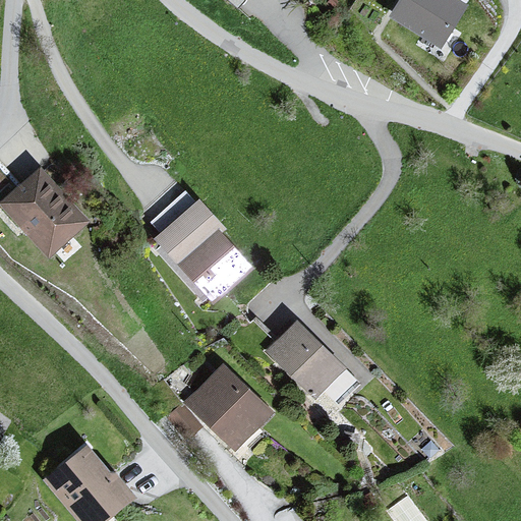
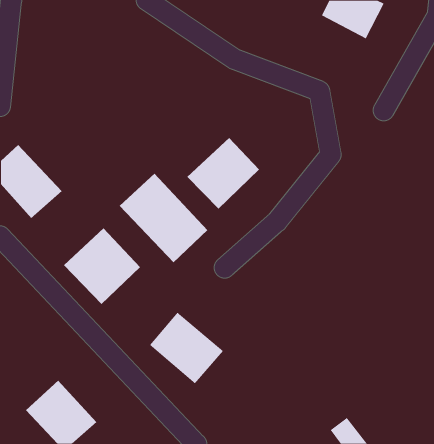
building: none -> [187,137,260,209]
building: none -> [63,228,141,305]
building: [283,324,354,394] -> none

